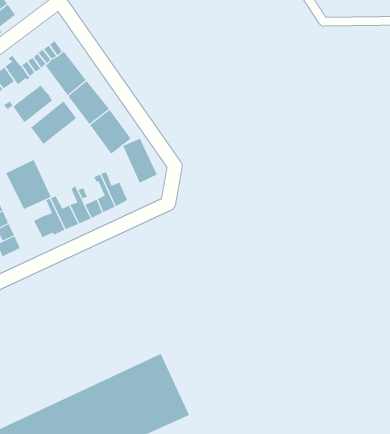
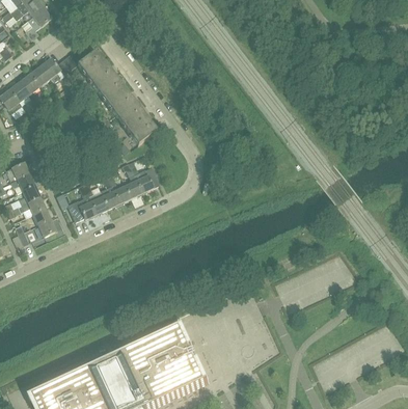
building: [12,84,53,123] -> none
building: [30,100,77,145] -> none
building: [122,138,157,183] -> none
building: [5,159,52,210] -> none

